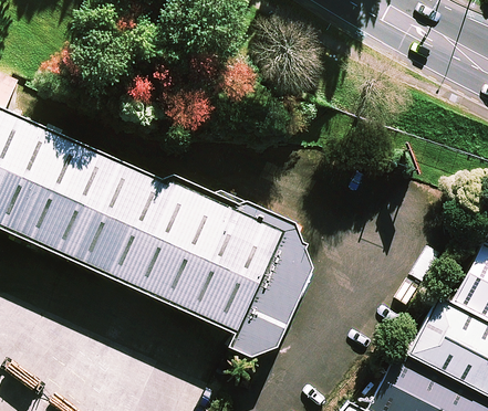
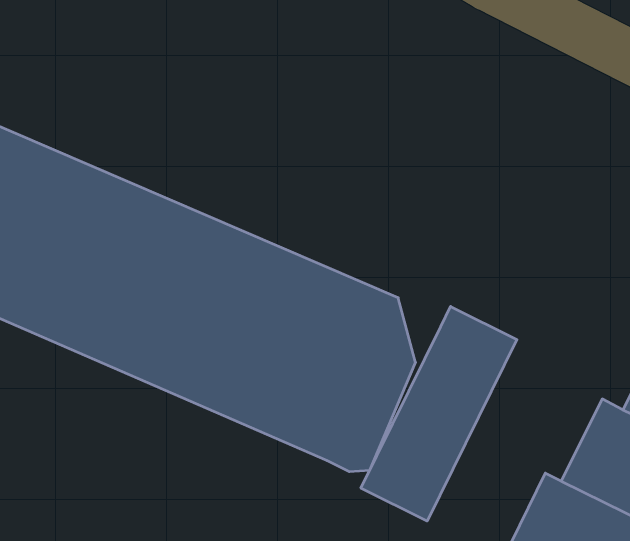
building: none -> [361,306,517,521]

